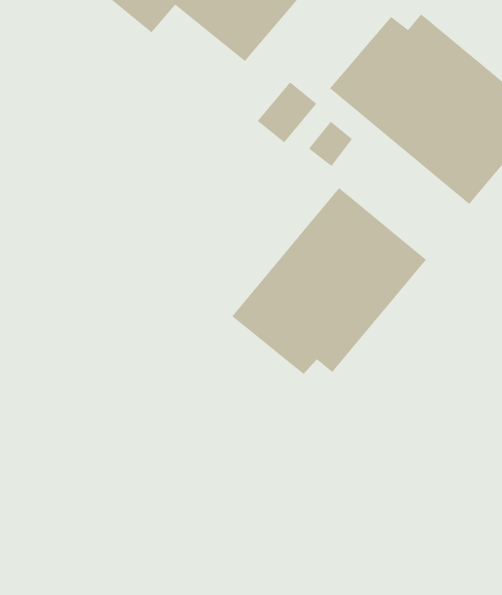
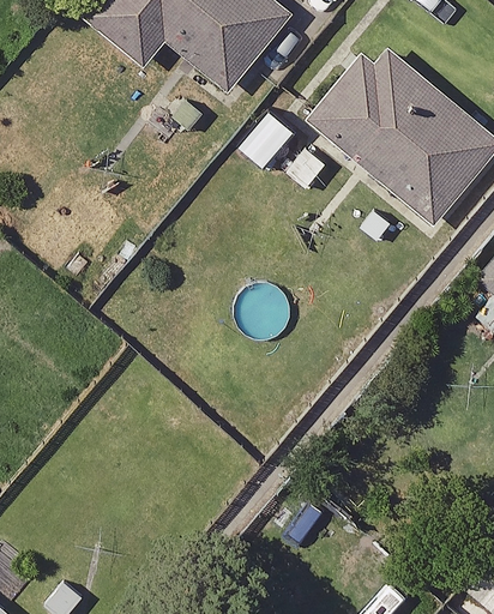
building: [231,187,427,375] -> none

